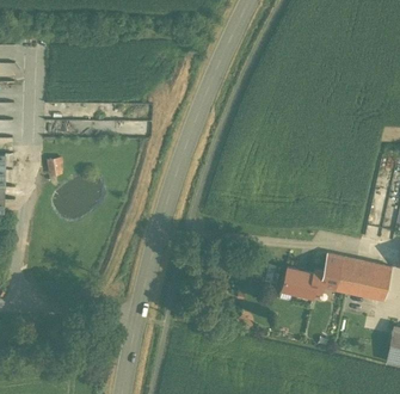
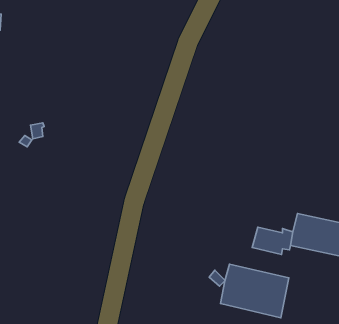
building: none -> [220,264,289,318]

